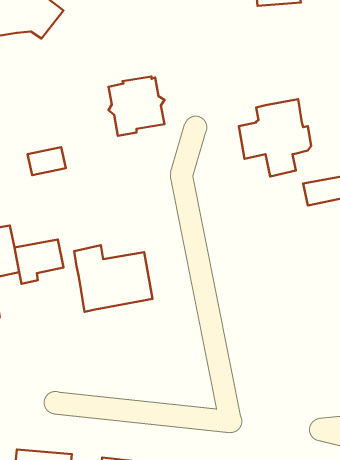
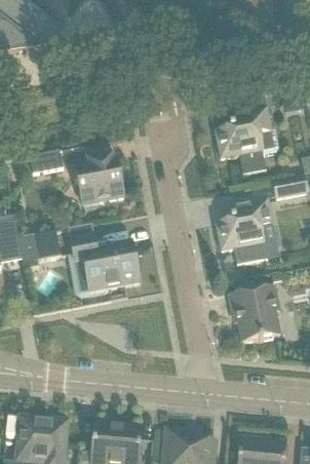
building: [108,76,164,136] -> [74,153,123,205]
building: none -> [216,197,272,263]
building: none -> [229,284,279,341]

